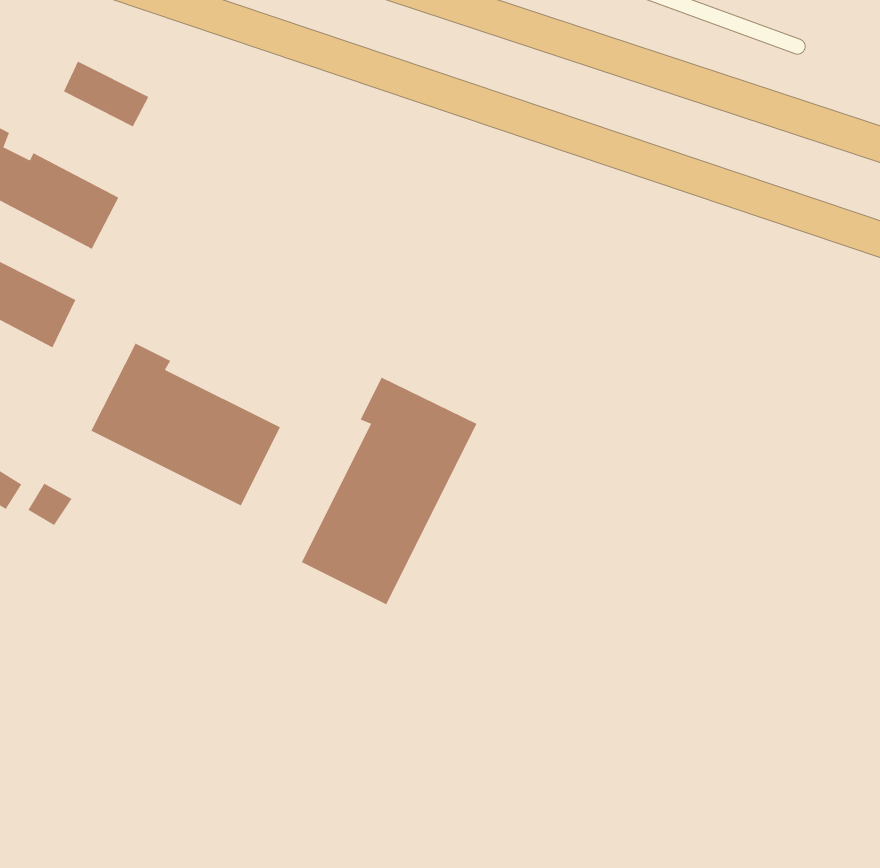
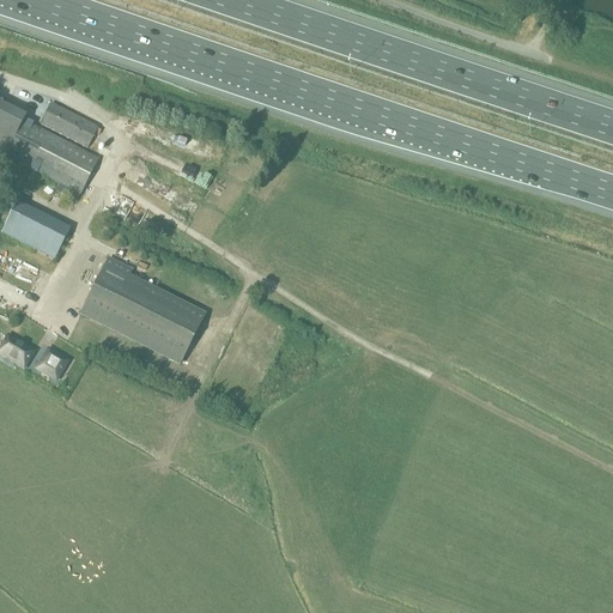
building: [63,61,149,127] -> [41,101,98,145]
building: [301,377,477,605] -> none

